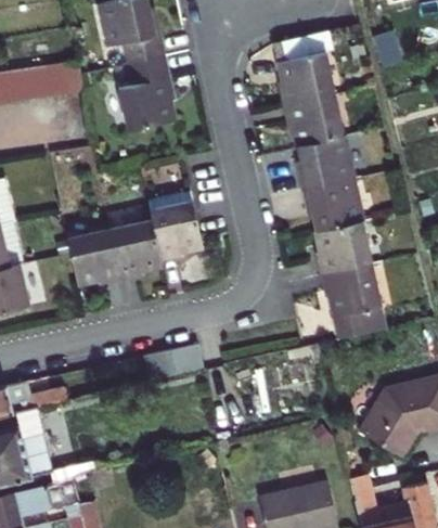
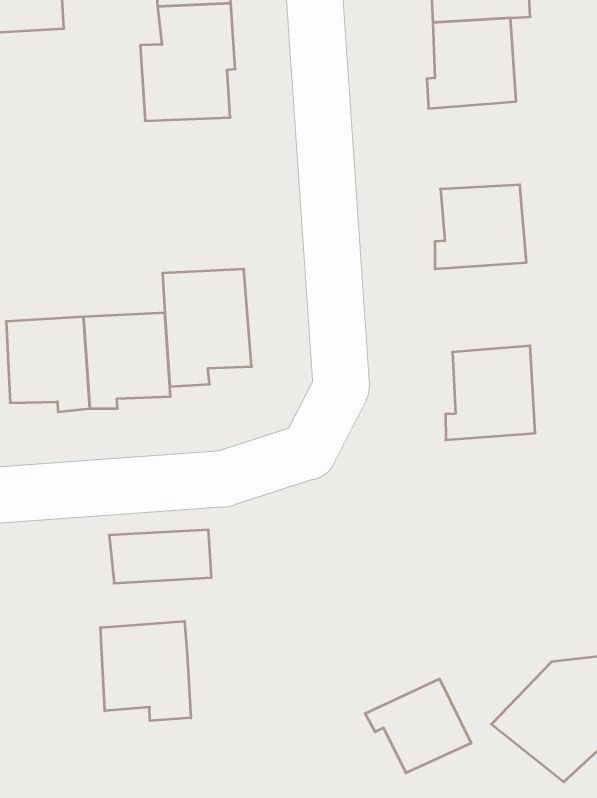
building: [283,86,339,140] -> none
building: [299,173,358,229] -> none
building: [319,267,381,343] -> none
building: none -> [101,621,191,721]
building: none -> [365,679,471,773]

